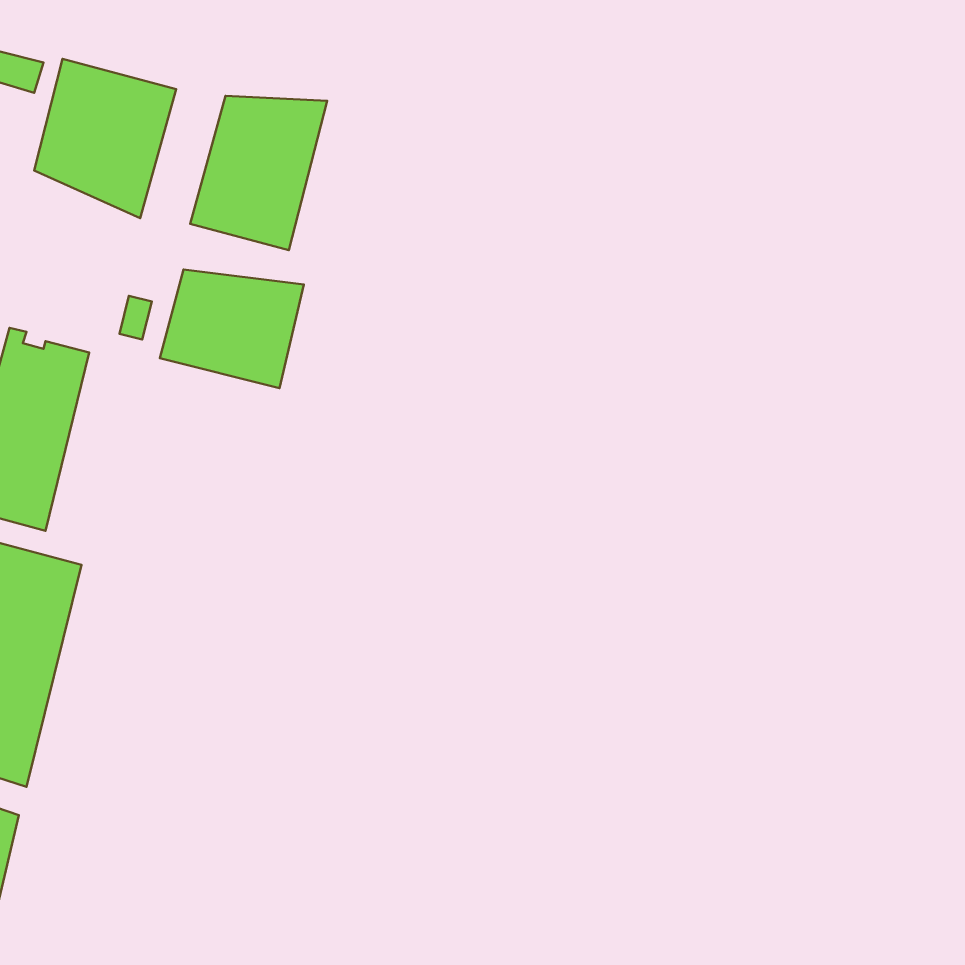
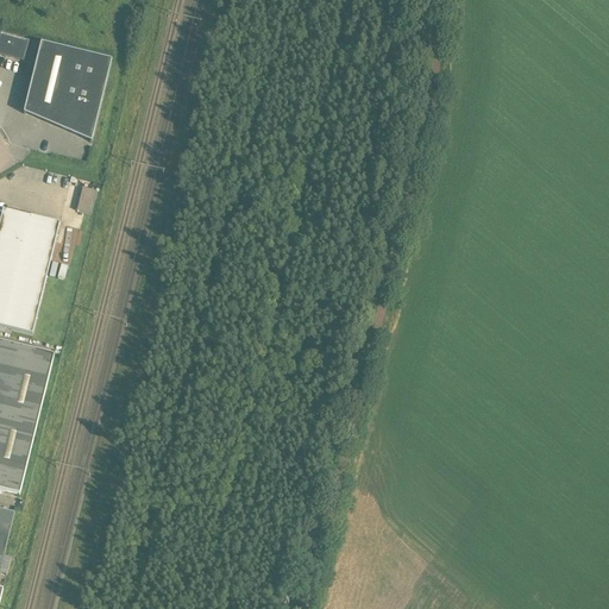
building: [190,96,327,250] -> none
building: [160,270,304,388] -> none

